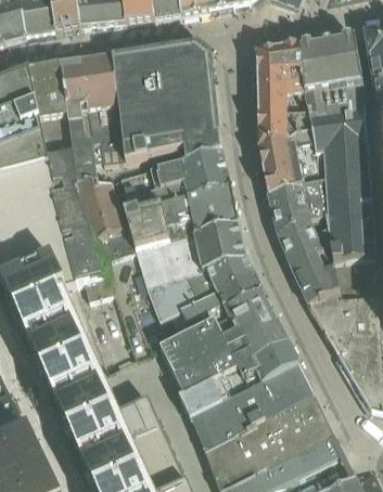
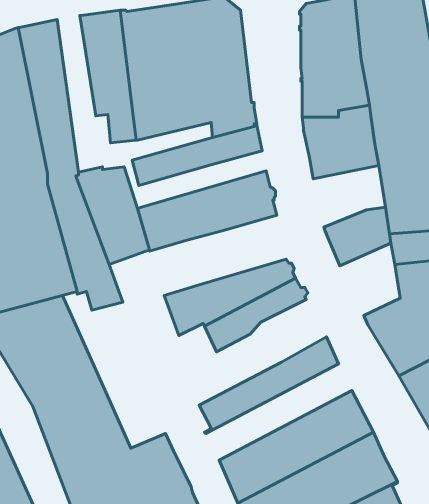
building: [60,57,97,184] -> none
building: [114,167,229,213] -> none
building: [267,179,325,229] -> none
building: [135,219,245,284] -> none
building: [289,242,337,300] -> none
building: [161,287,278,373] -> none
building: [180,339,298,417] -> none

